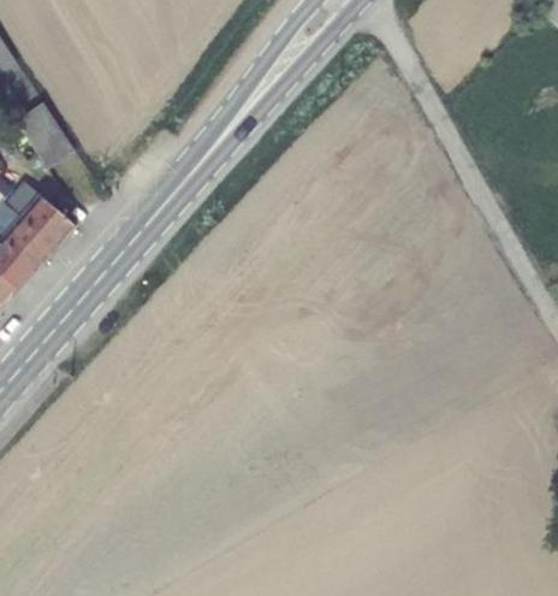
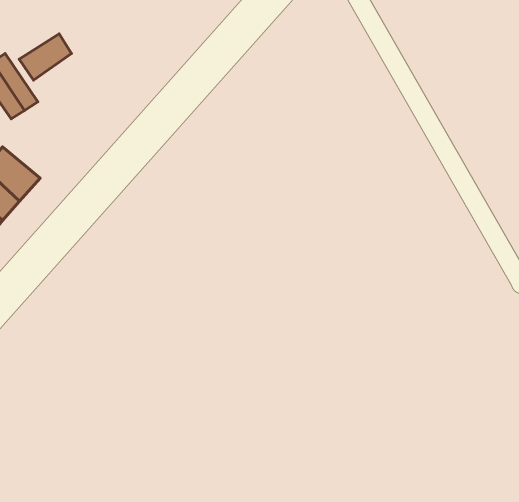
building: none -> [19,34,71,80]

